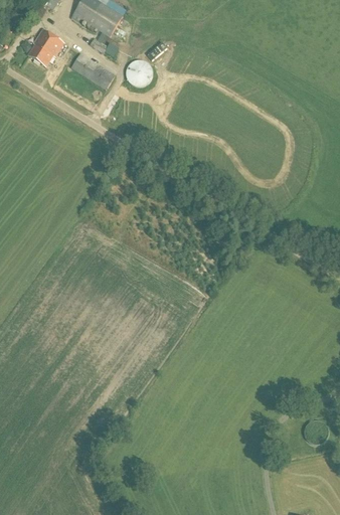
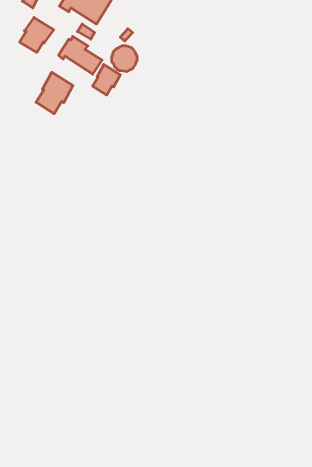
building: none -> [93,64,120,95]
building: none -> [36,72,73,114]

